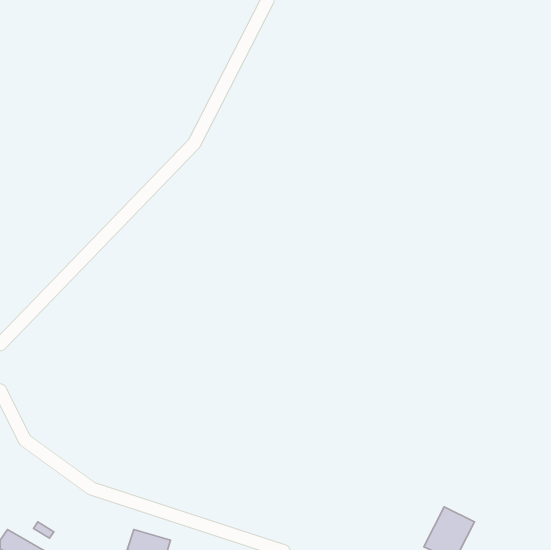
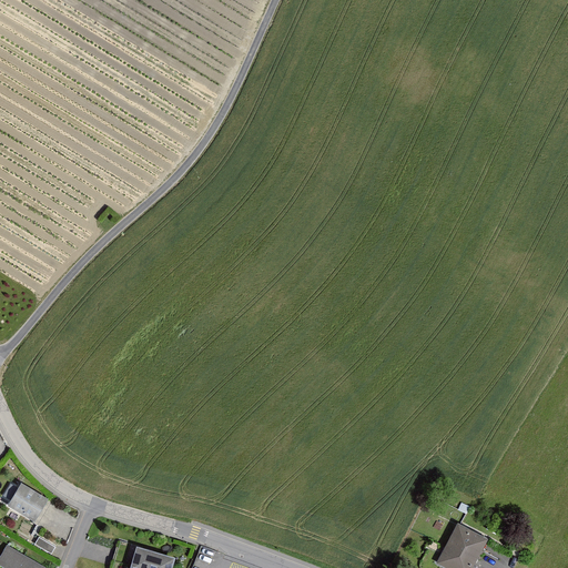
building: none -> [8,484,49,523]

